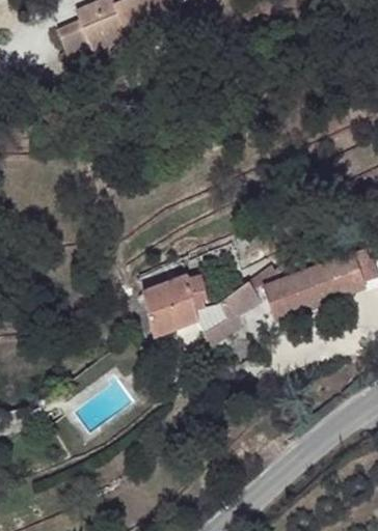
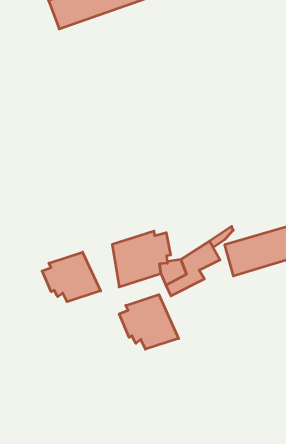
building: none -> [42,252,101,302]
building: none -> [119,295,179,349]

